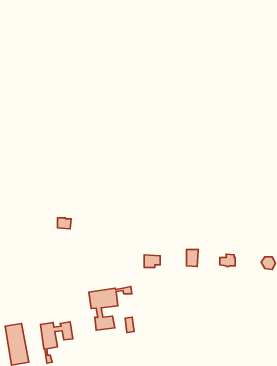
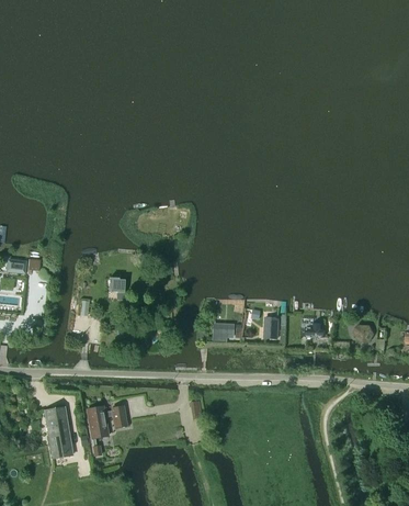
building: [89,287,132,330] -> none

